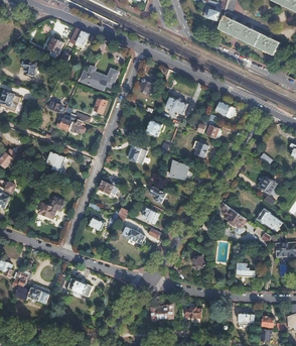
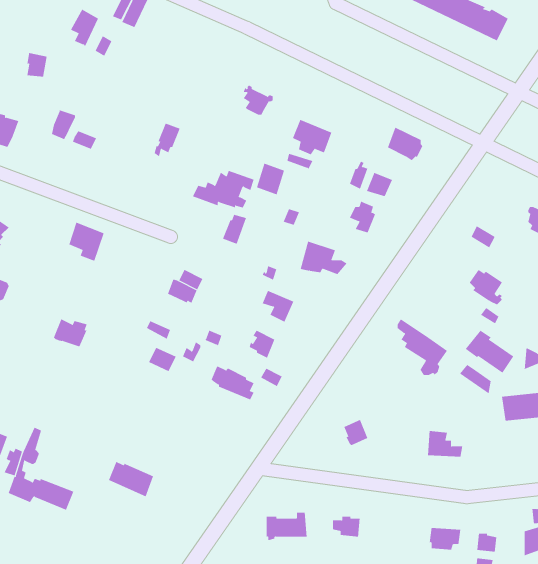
building: [80,69,116,89] -> none
building: [54,112,88,132] -> [192,170,255,208]

